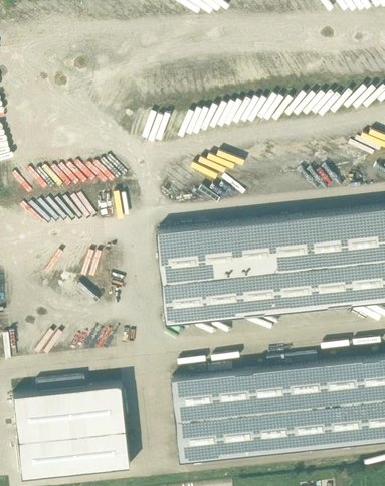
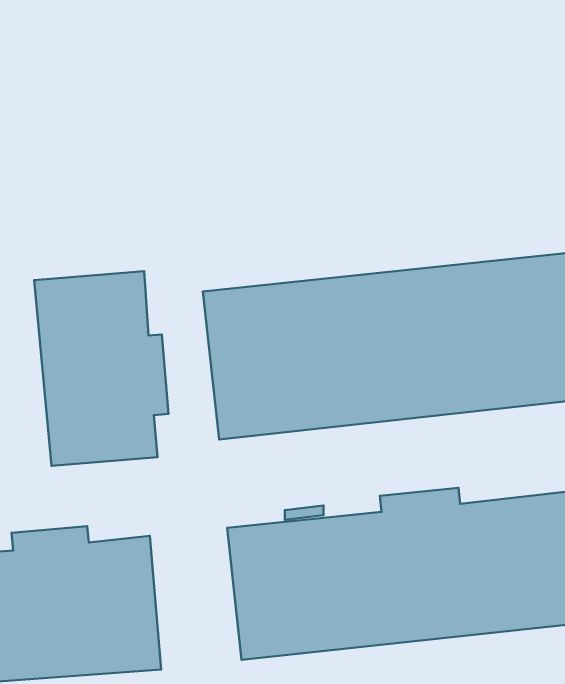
building: none -> [34,271,168,466]

